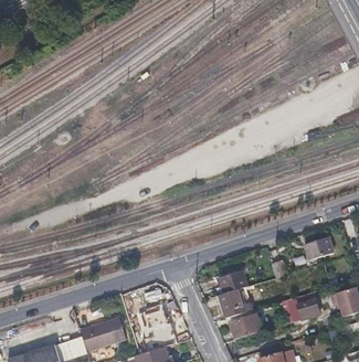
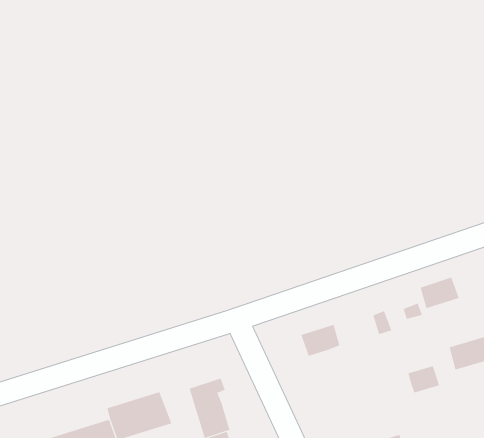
building: [219,288,247,317] -> none
building: [230,315,261,339] -> none

